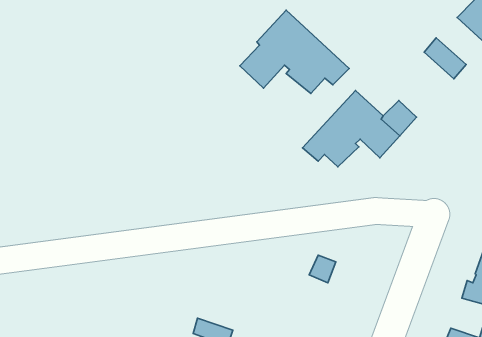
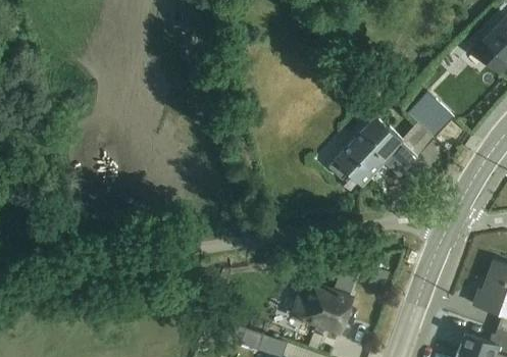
building: [240,10,349,93] -> none
building: [424,38,466,79] -> [416,92,455,130]
building: none -> [294,285,351,332]

